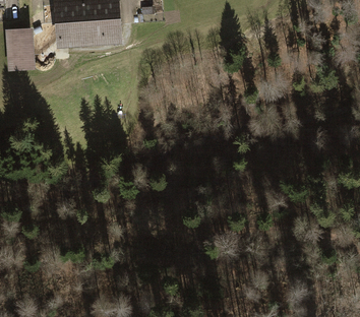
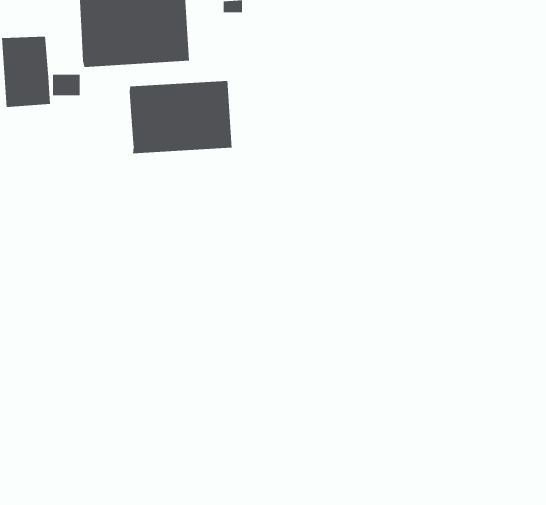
building: none -> [129,80,232,154]

